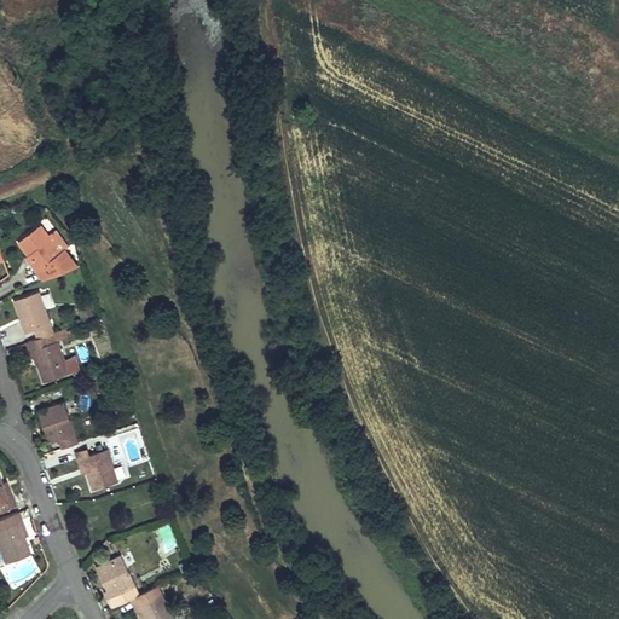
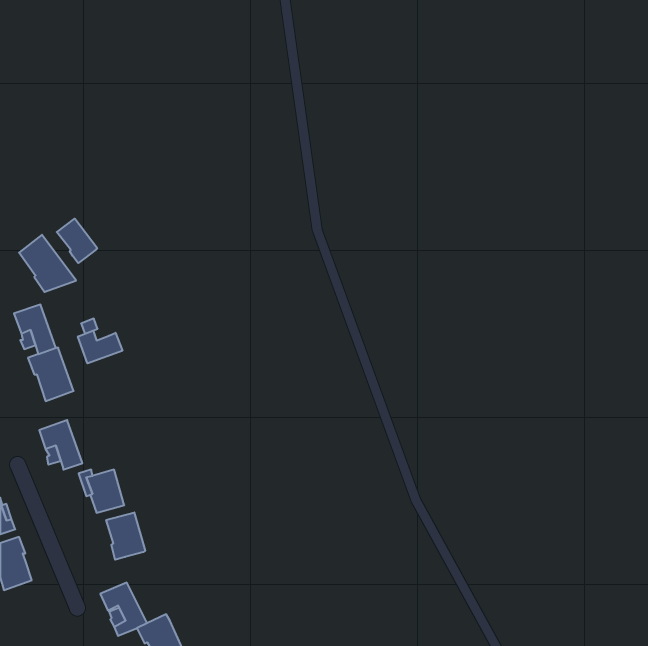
building: none -> [57,219,97,263]
building: none -> [78,331,122,363]
building: none -> [106,512,145,560]

